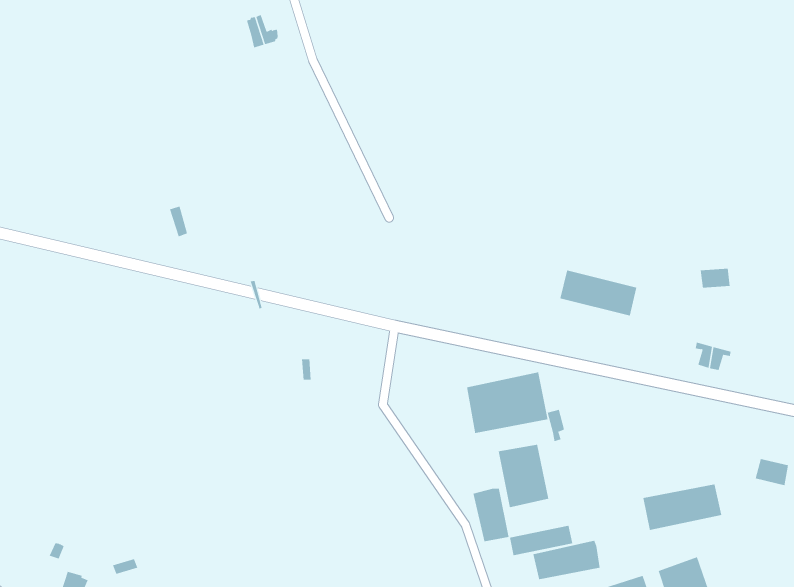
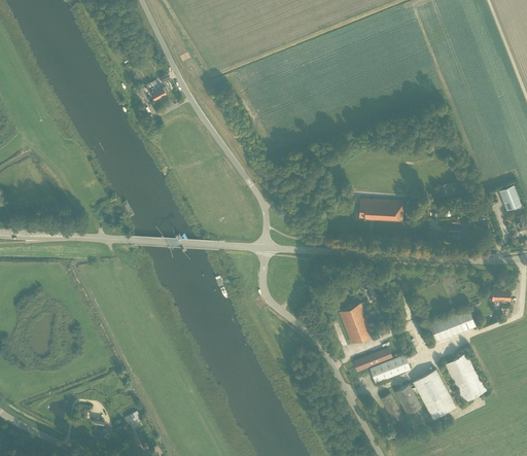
building: [467,371,548,434] -> none
building: [473,488,509,542] -> none

